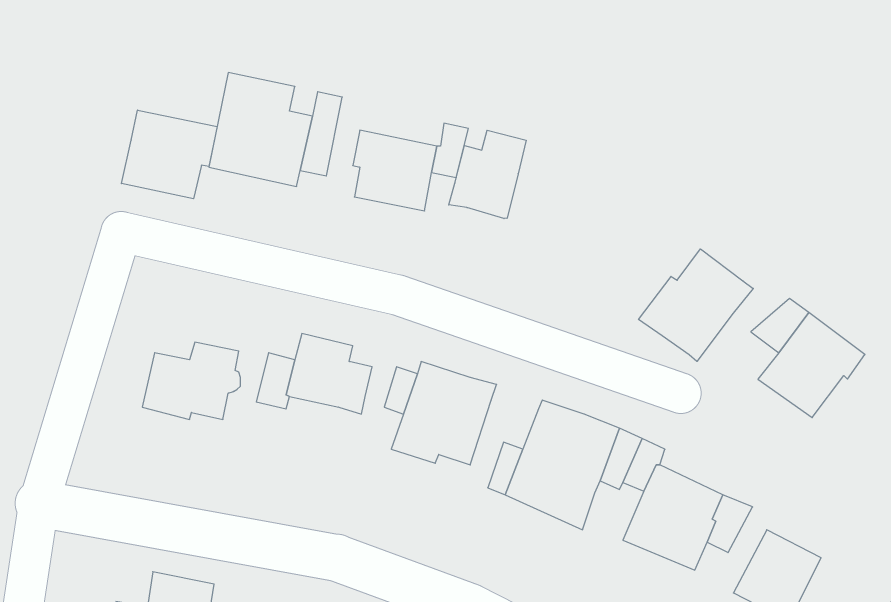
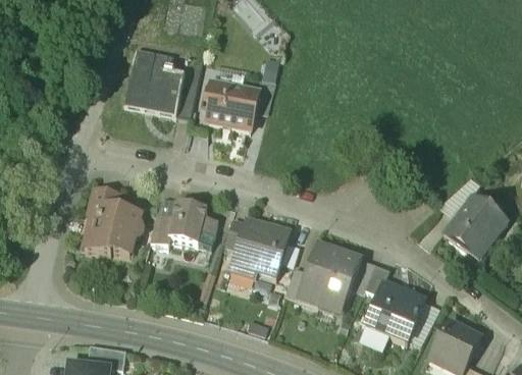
building: [121,110,217,199] -> none
building: [449,130,526,219] -> none
building: [639,249,753,361] -> none
building: none -> [90,191,119,220]

